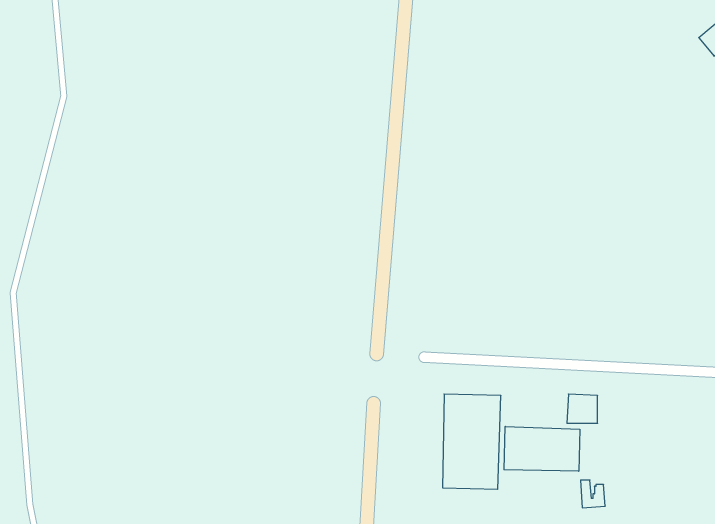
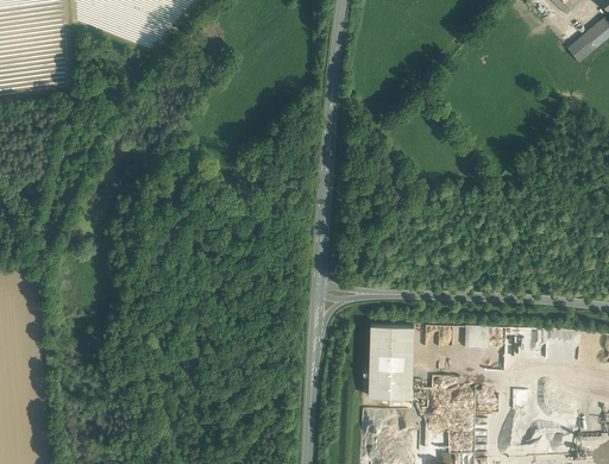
building: [504,426,580,471] -> none

